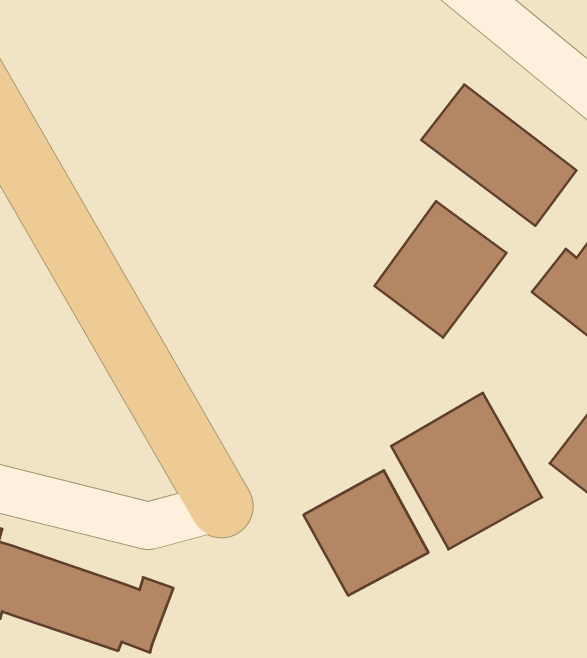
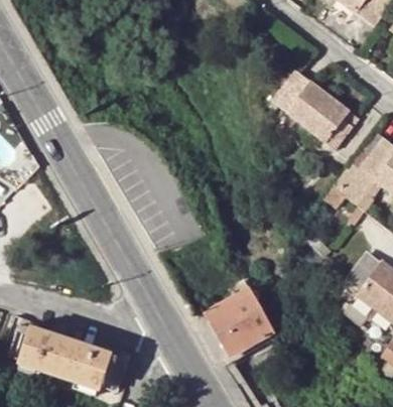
building: [375,201,506,338] -> none
building: [391,393,542,549] -> none

